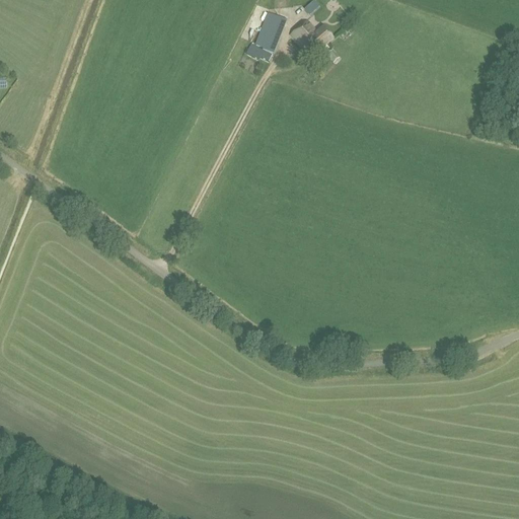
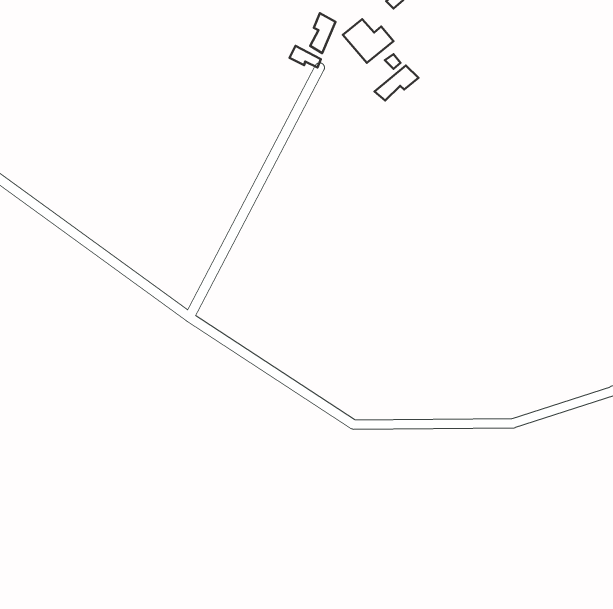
building: none -> [374,65,419,101]

